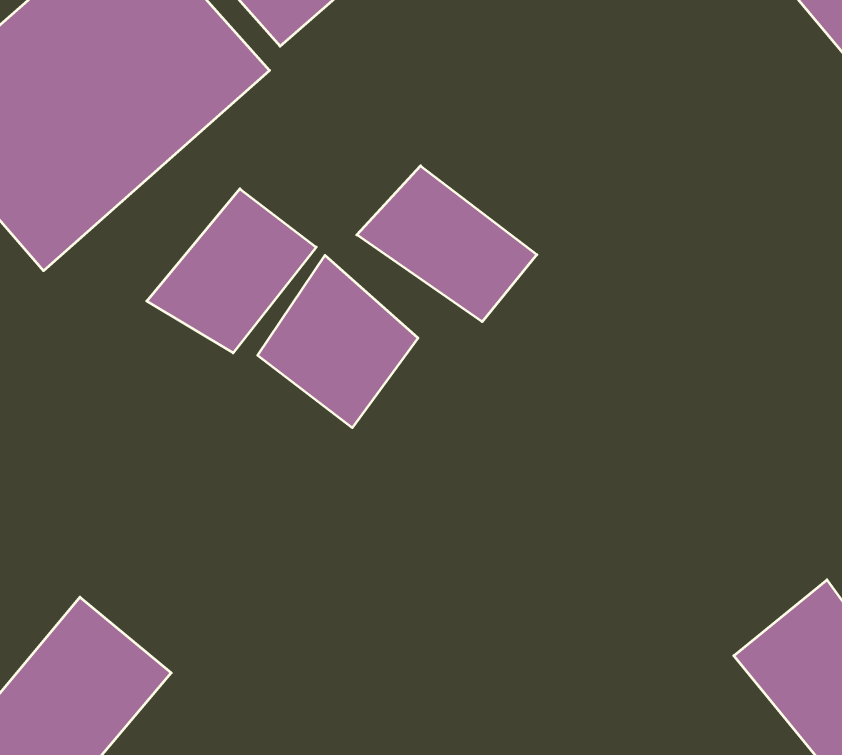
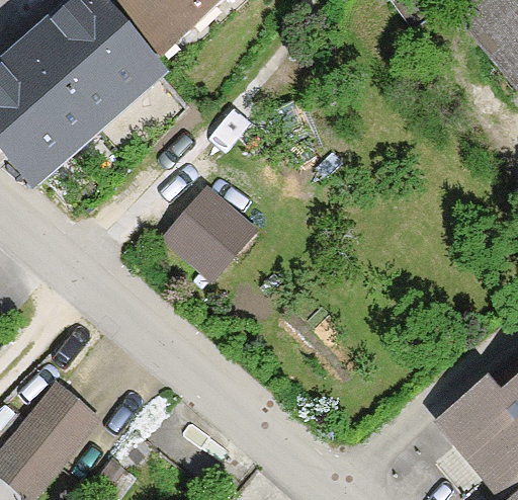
building: [357,166,537,322] -> none
building: [147,189,316,353] -> none

